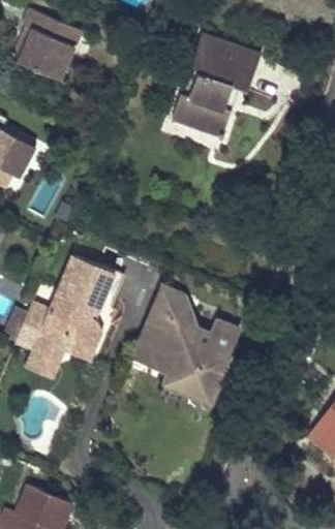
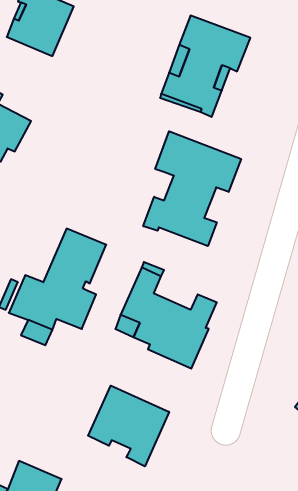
building: none -> [143,131,241,246]
building: none -> [88,386,169,466]

